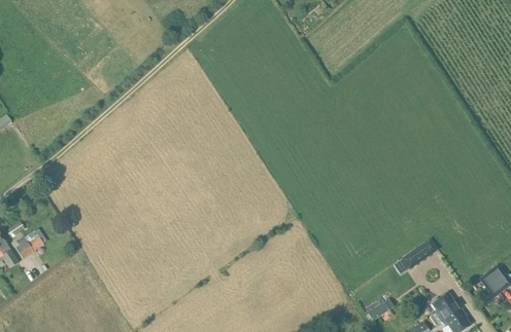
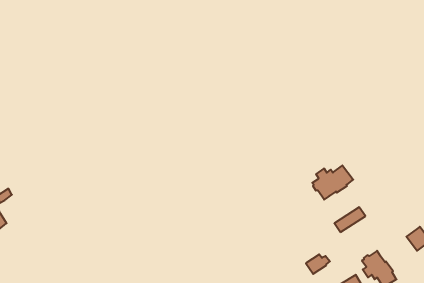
building: none -> [312,165,353,200]
building: [15,230,45,258] -> none

